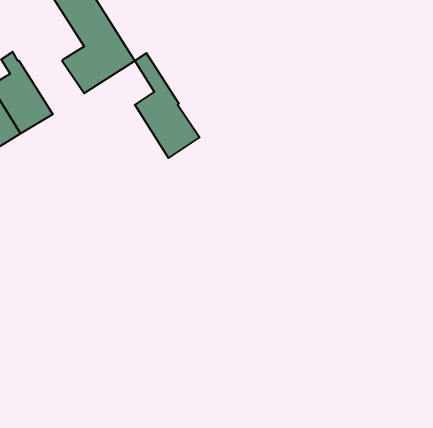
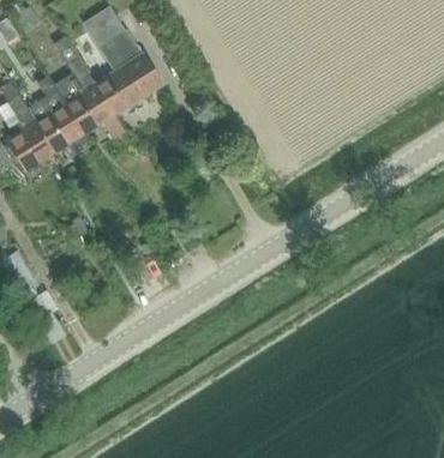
building: [135,53,200,158] -> [55,37,115,134]

